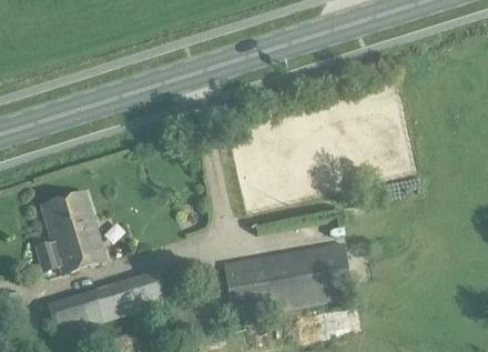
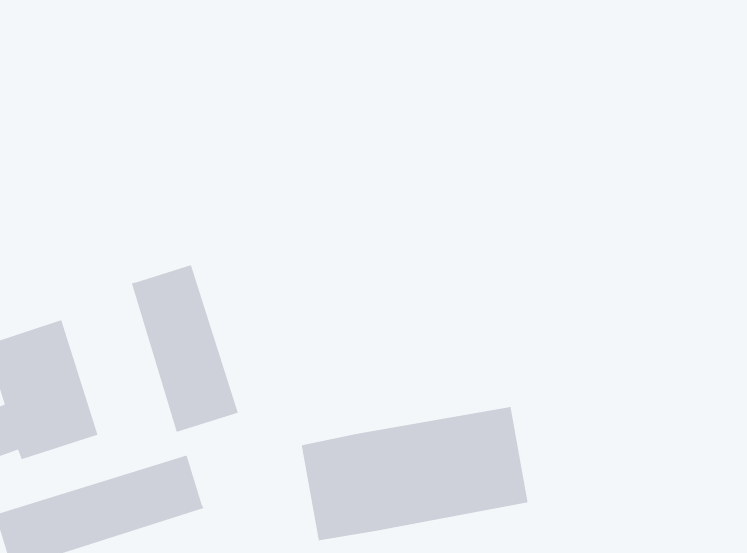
building: none -> [131,264,239,433]

